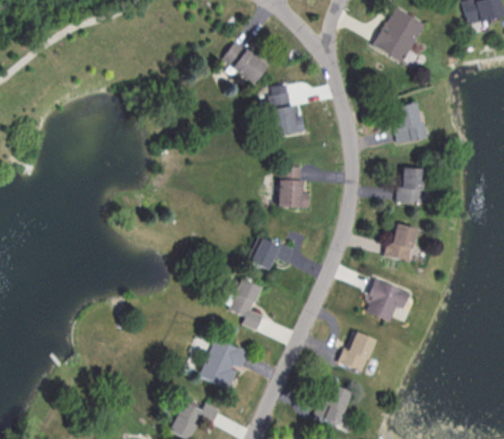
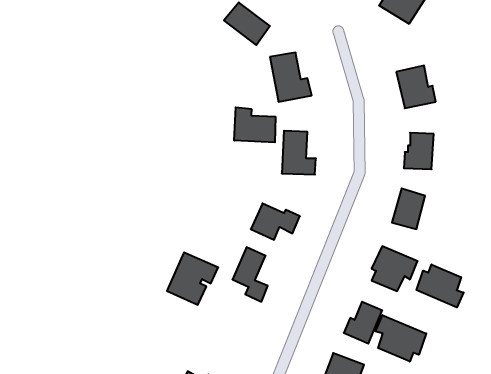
building: none -> [234,107,275,142]
building: none -> [416,264,464,307]
building: [200,338,250,389] -> [167,252,218,305]
building: none -> [375,315,426,362]

